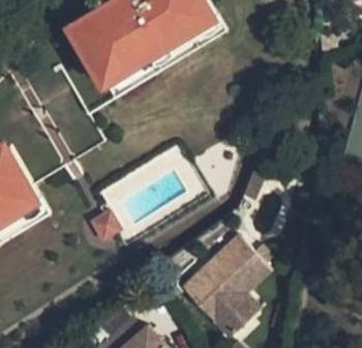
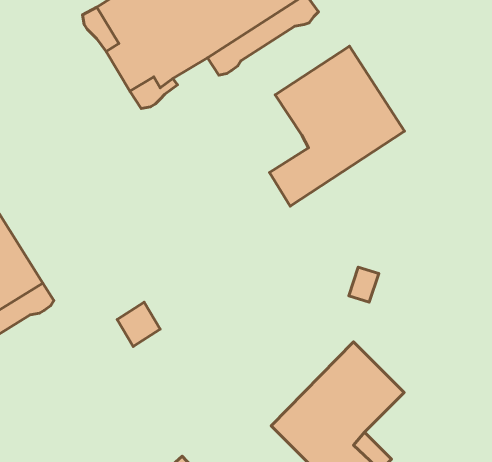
building: none -> [270,46,404,206]

